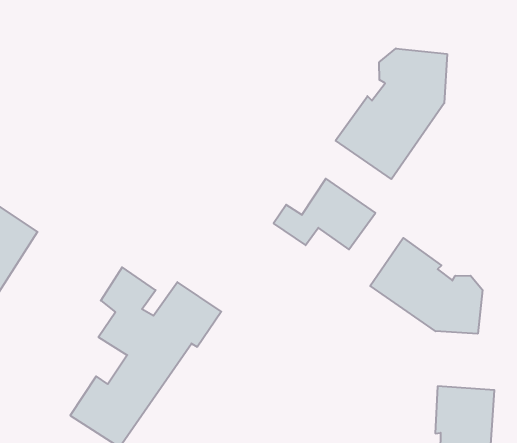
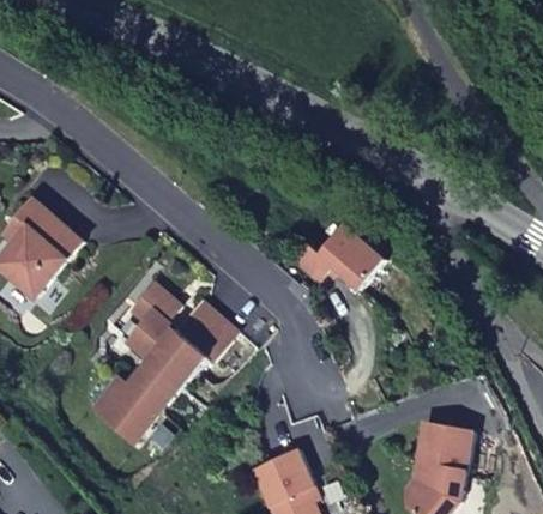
building: [336,48,447,179] -> none
building: [370,238,482,334] -> none

